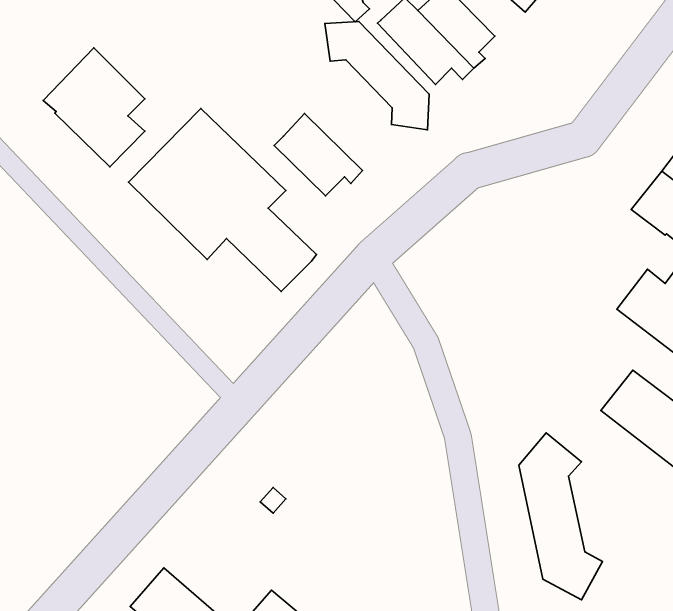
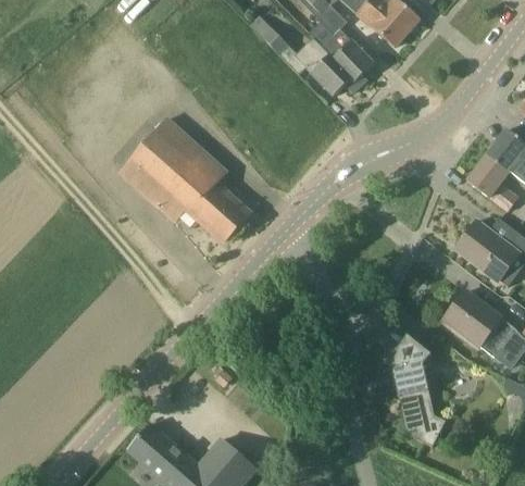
building: [325,21,429,130] -> none
building: [43,48,145,167] -> none
building: [274,114,362,196] -> none

